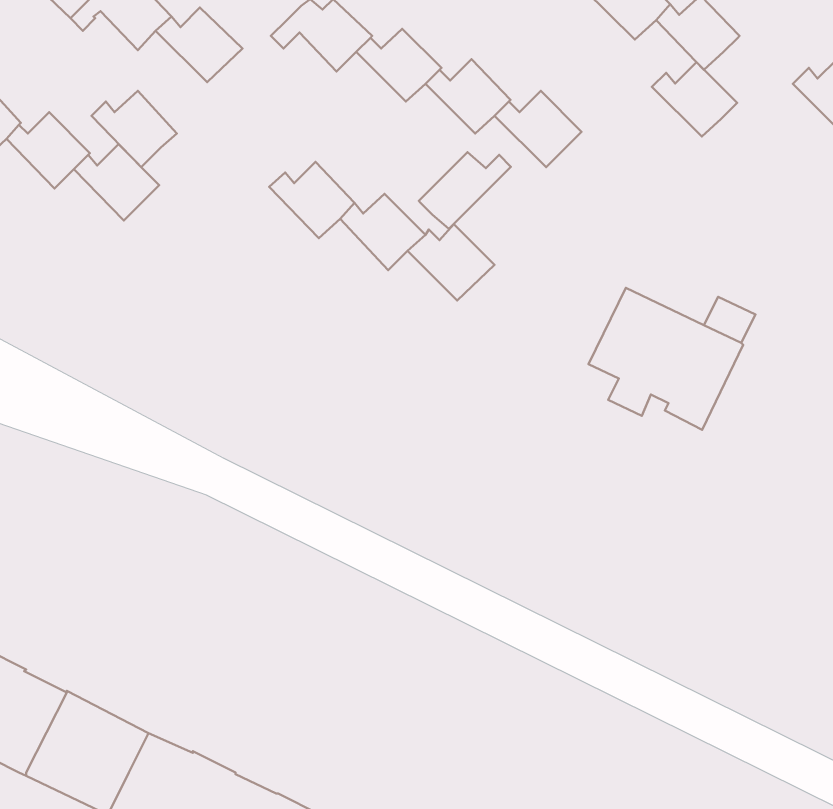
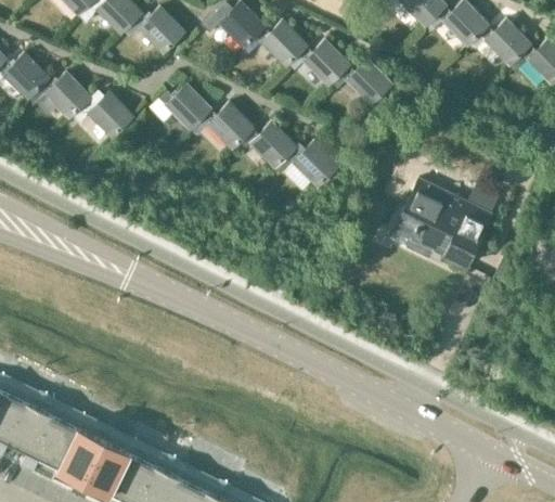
building: [652,62,737,137] -> [479,20,531,65]
building: [92,91,177,167] -> [159,82,211,129]
building: [419,152,511,229] -> none

